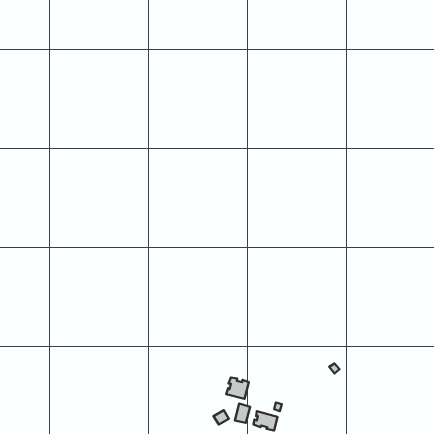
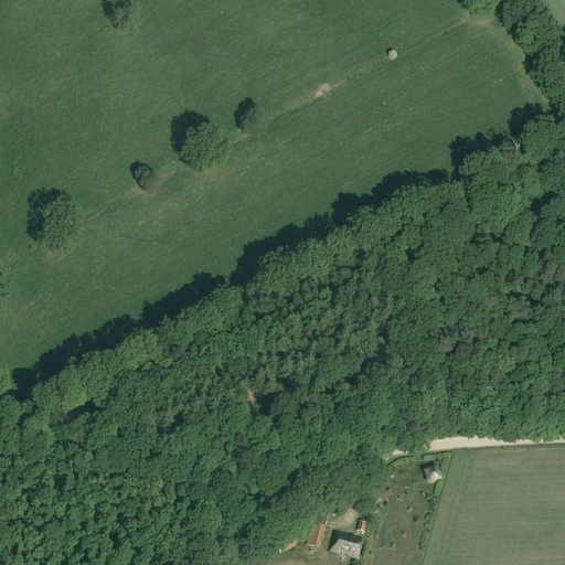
building: [226,378,249,399] -> none

